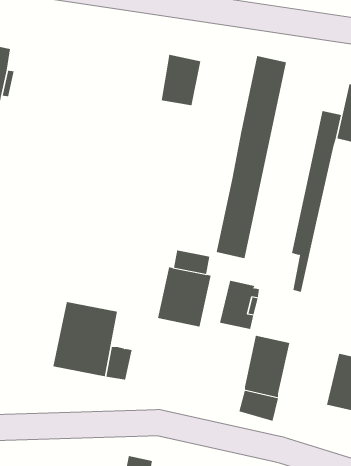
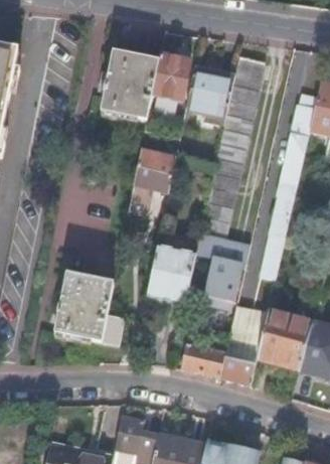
building: none -> [102,52,158,120]
building: none -> [185,66,233,124]
building: none -> [128,151,175,222]
building: none -> [258,312,311,368]
building: none -> [182,344,226,374]

